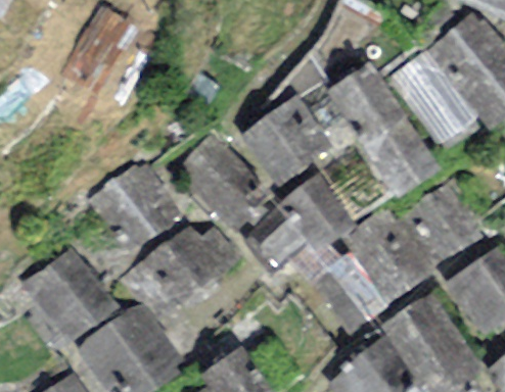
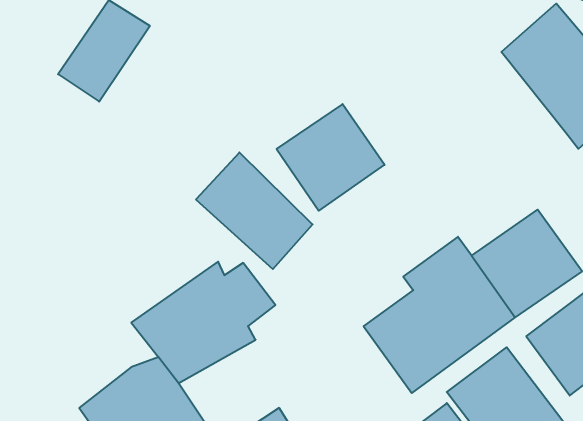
building: [391,53,477,149] -> none
building: [305,61,439,198] -> none
building: [88,162,181,246] -> none
building: [242,174,354,272] -> none
building: [19,247,120,346] -> none

